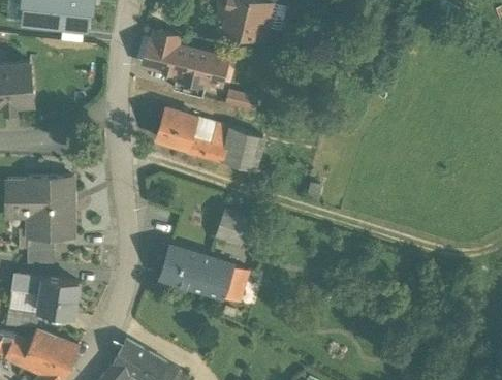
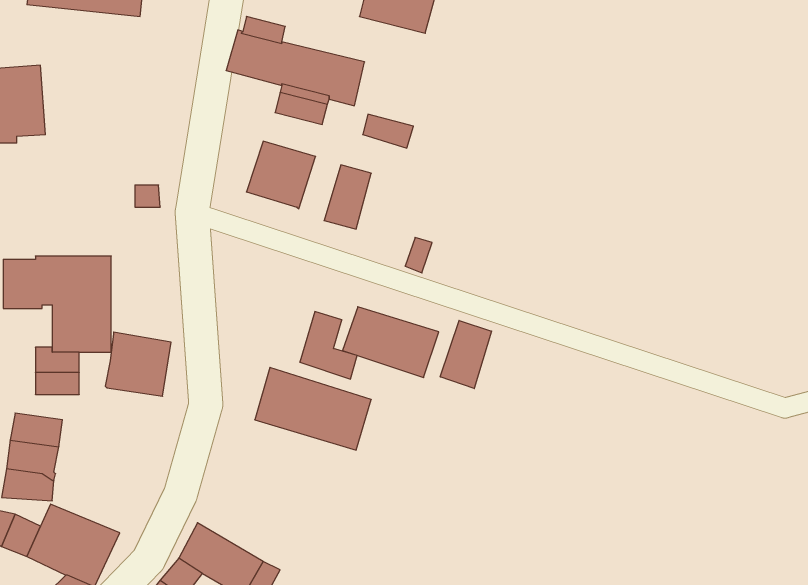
building: [186,117,214,156] -> none
building: [223,127,263,170] -> none
building: none -> [440,320,492,389]
building: [223,265,258,307] -> [300,312,357,379]
building: [38,277,79,316] -> [105,332,171,396]

